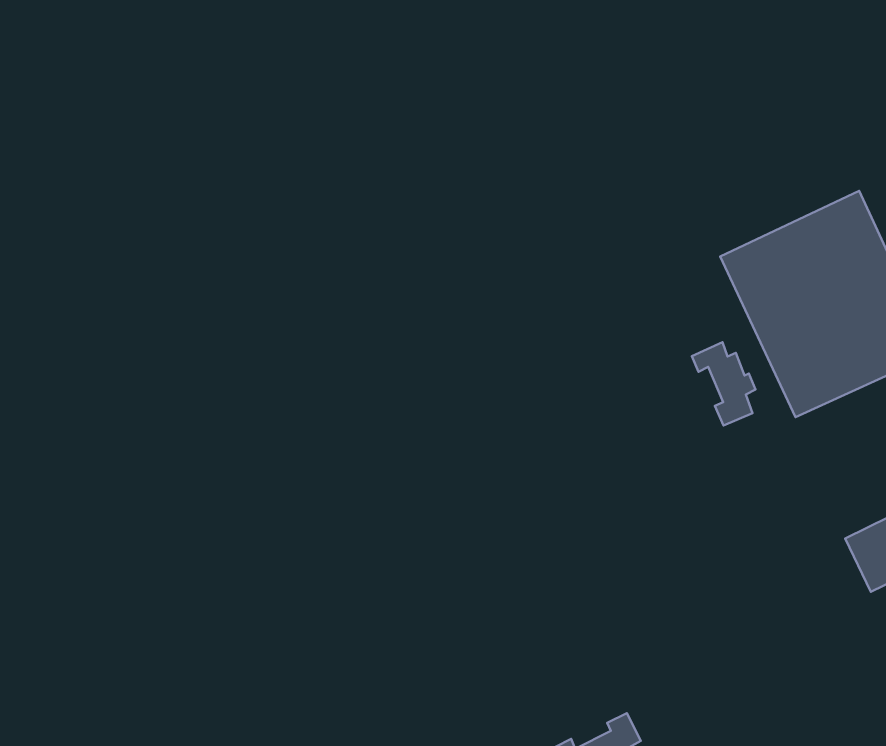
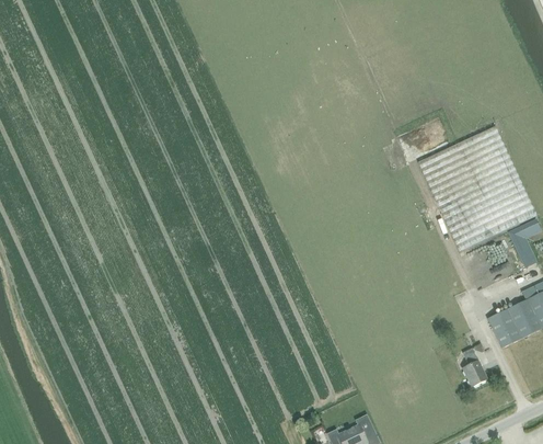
building: [692,342,755,426] -> none
building: none -> [462,348,487,386]

